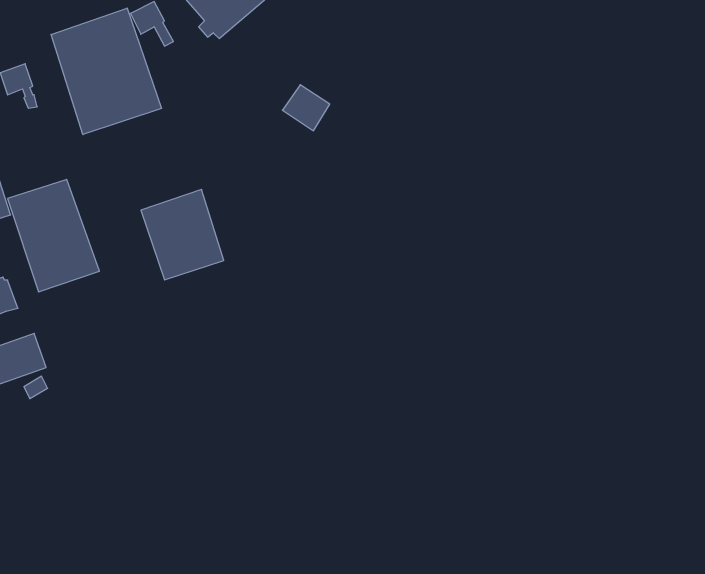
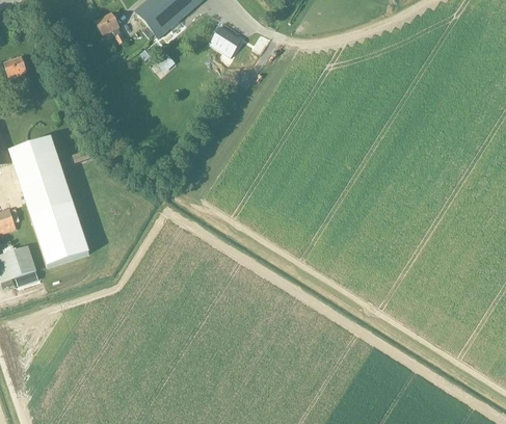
building: [51,8,162,135] -> none
building: [282,85,330,131] -> [208,25,241,57]
building: [141,189,224,280] -> [30,202,88,265]

